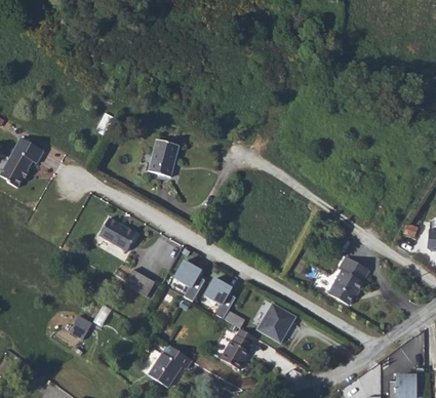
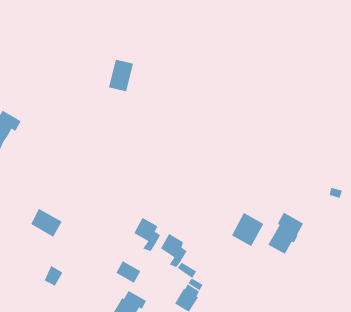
building: [149,137,179,175] -> [108,59,134,92]
building: [103,218,140,252] -> [30,208,62,237]
building: [128,271,158,297] -> [115,260,141,283]
building: [259,301,296,341] -> [231,212,264,247]

